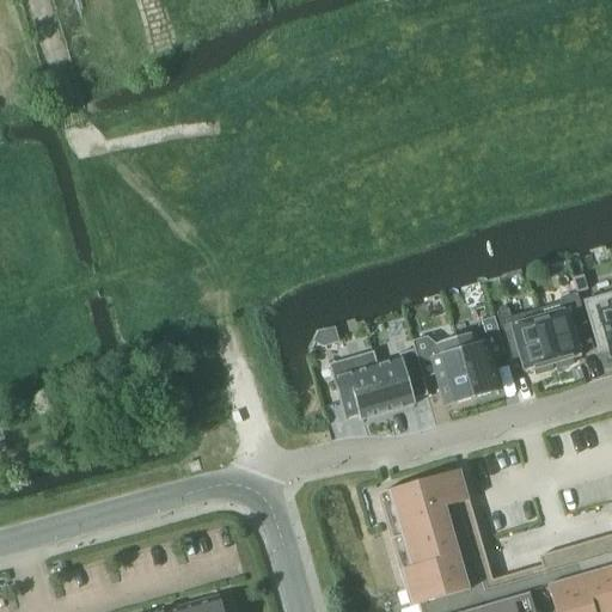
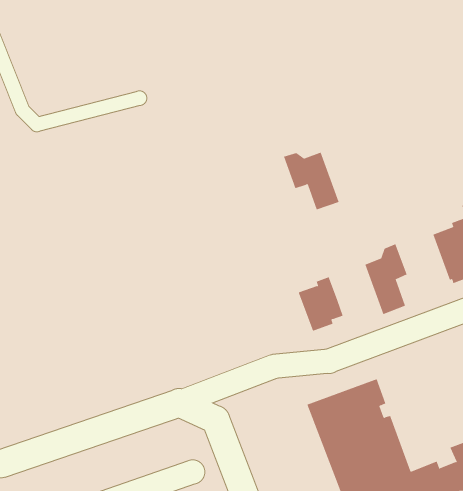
building: [497,307,553,373] -> none
building: [412,336,473,404] -> [283,152,339,210]
building: [330,350,391,418] -> none

